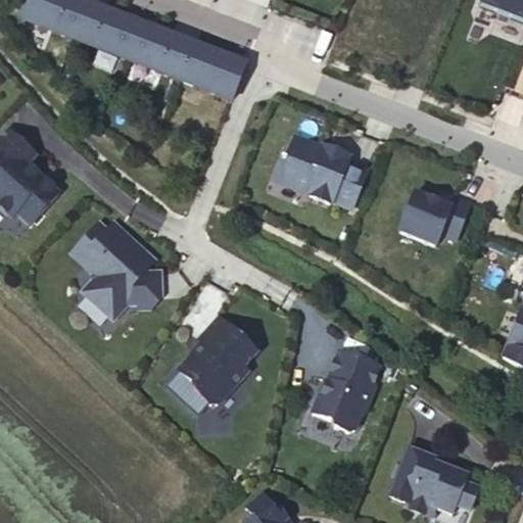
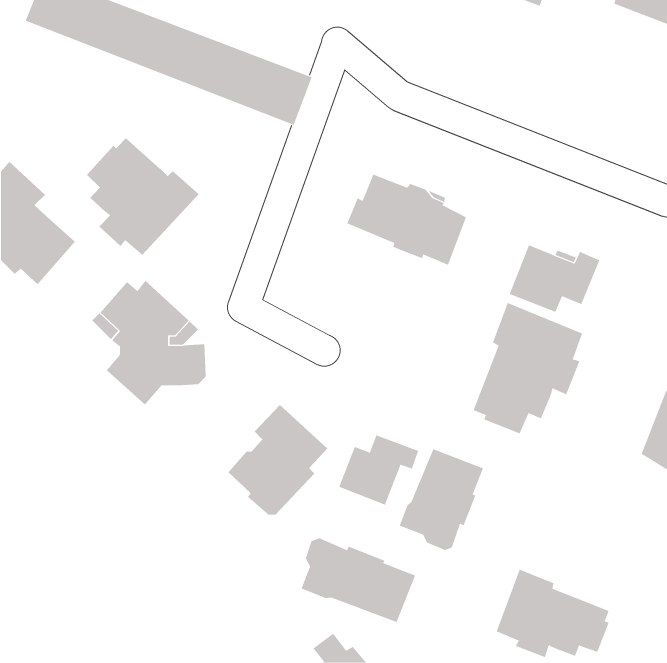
building: none -> [86,137,200,256]
building: none -> [473,302,583,434]
building: none -> [338,435,419,506]
building: none -> [301,537,416,623]

